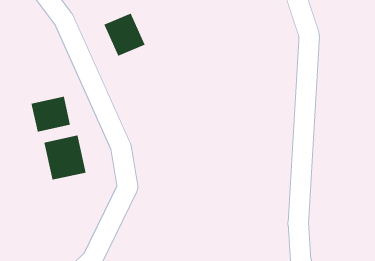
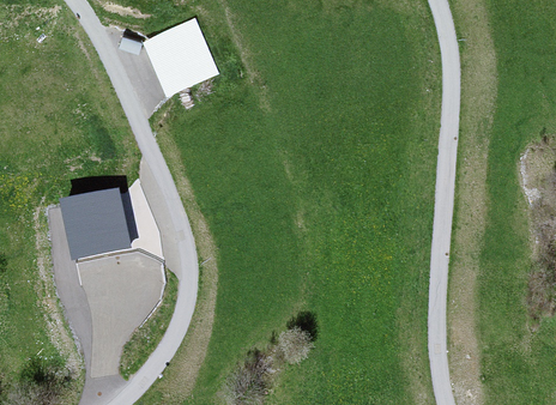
building: [31,96,71,132] -> none

